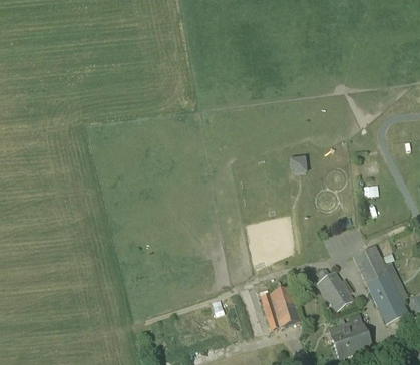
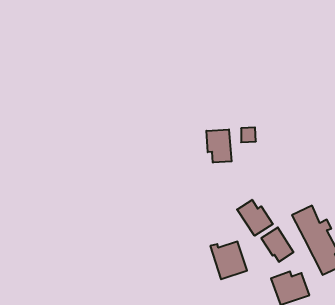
building: none -> [206,129,232,163]
building: none -> [237,200,273,236]

